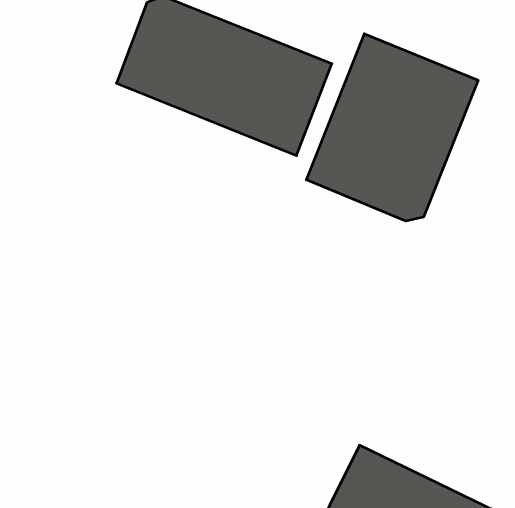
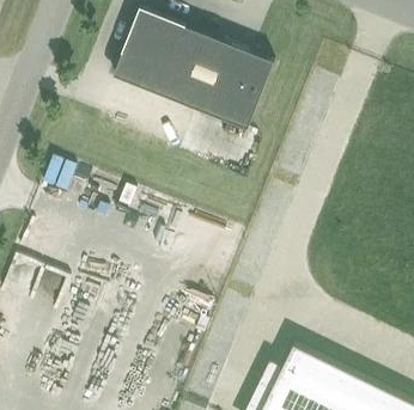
building: [306,34,478,221] -> none

